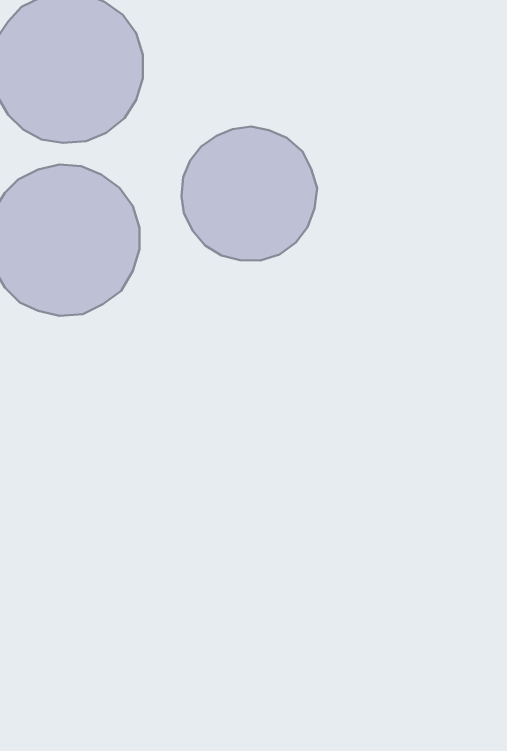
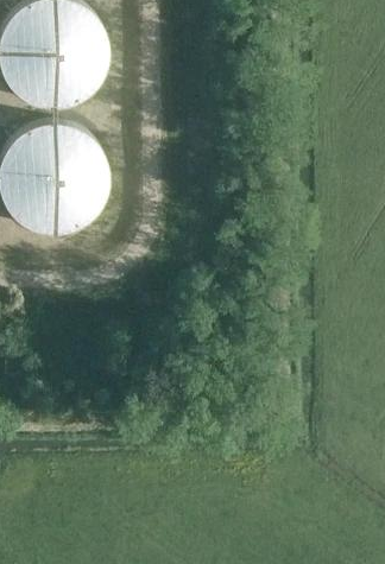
building: [182,126,317,260] -> none

